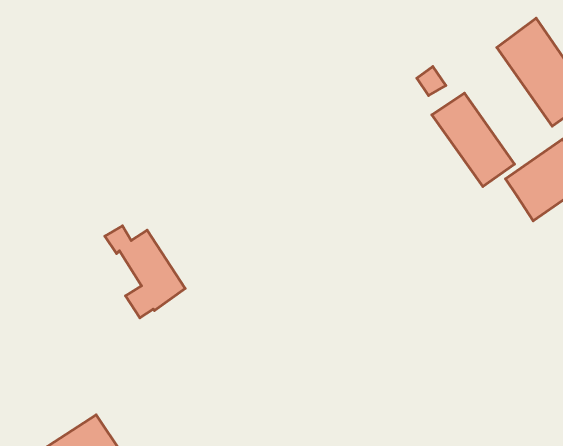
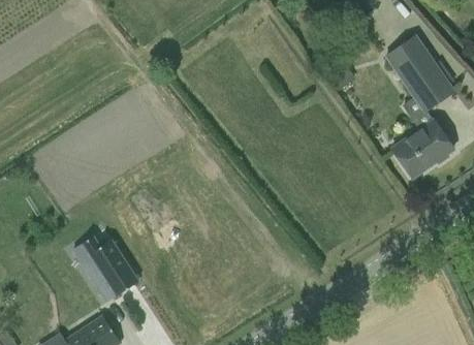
building: [432,93,514,186] -> none
building: [105,226,185,318] -> [75,238,132,303]

